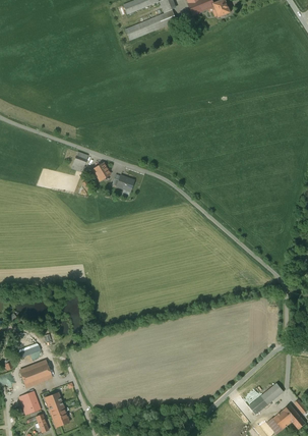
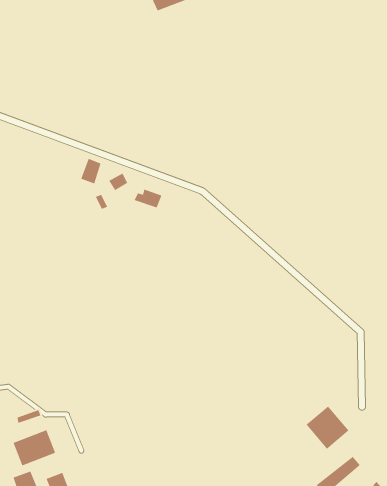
building: none -> [306,405,349,450]

